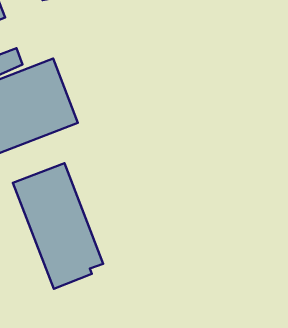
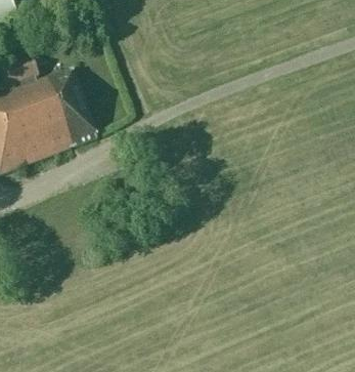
building: [13,163,103,289] -> none

